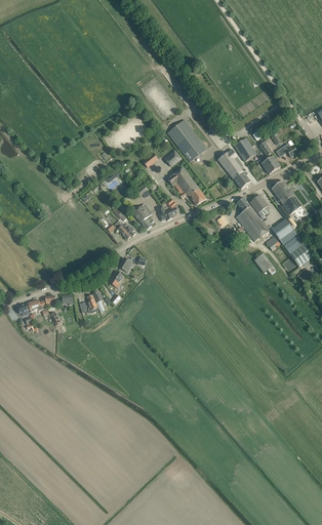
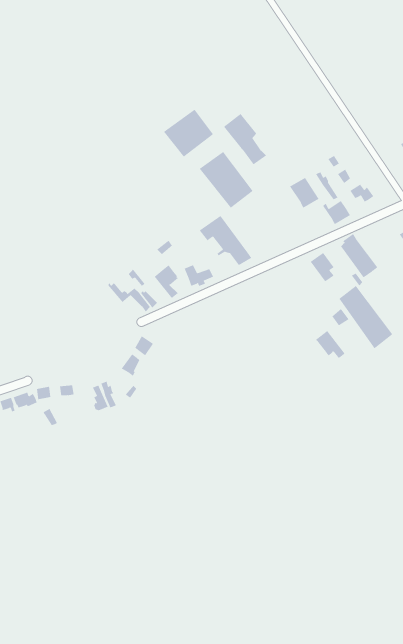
building: none -> [163,109,214,158]
building: [217,149,250,188] -> [223,113,267,165]
building: [235,197,268,241] -> none

